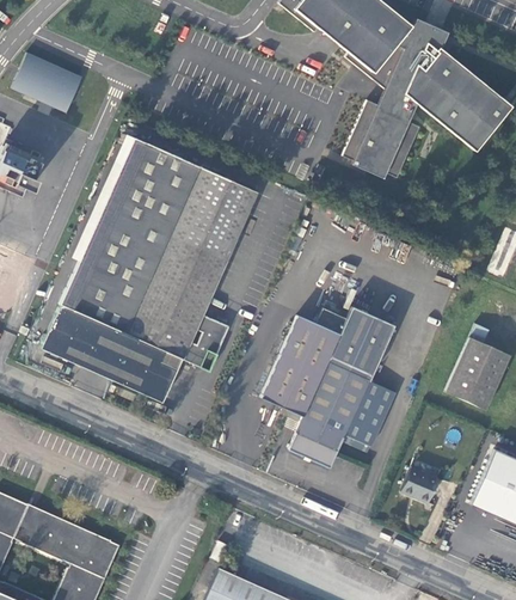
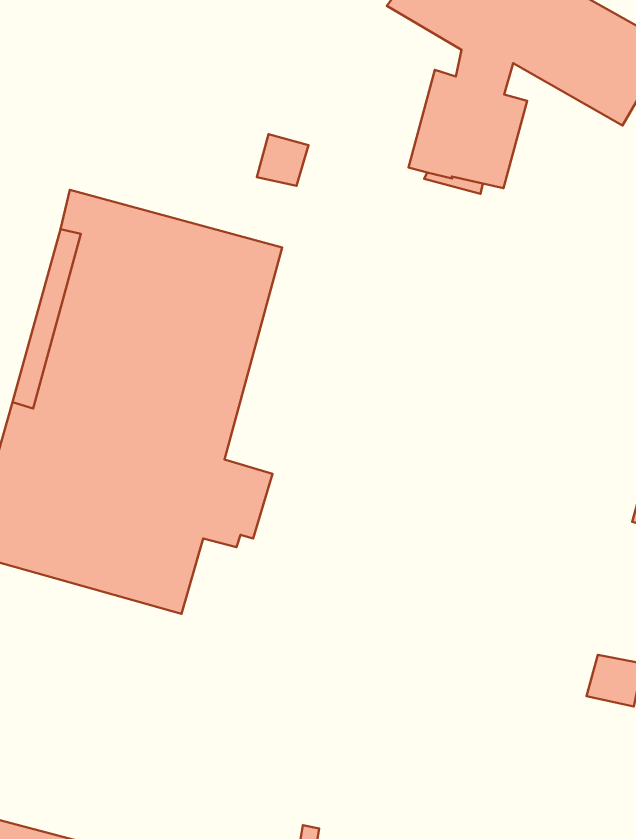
building: none -> [257,134,308,186]
building: [262,304,397,465] -> none

